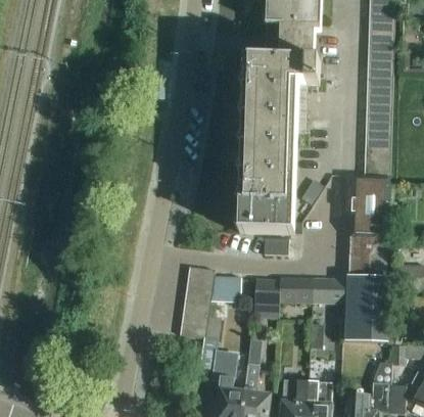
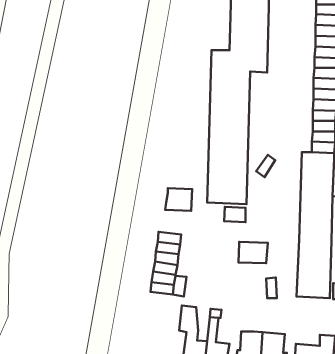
building: [210,276,241,302] -> [165,188,192,211]
building: [254,279,281,306] -> none
building: [312,279,344,304] -> none

